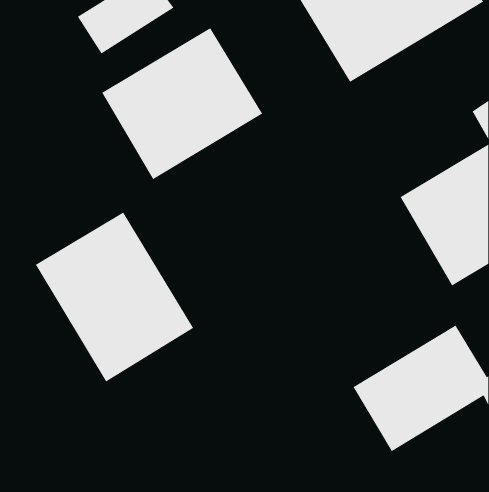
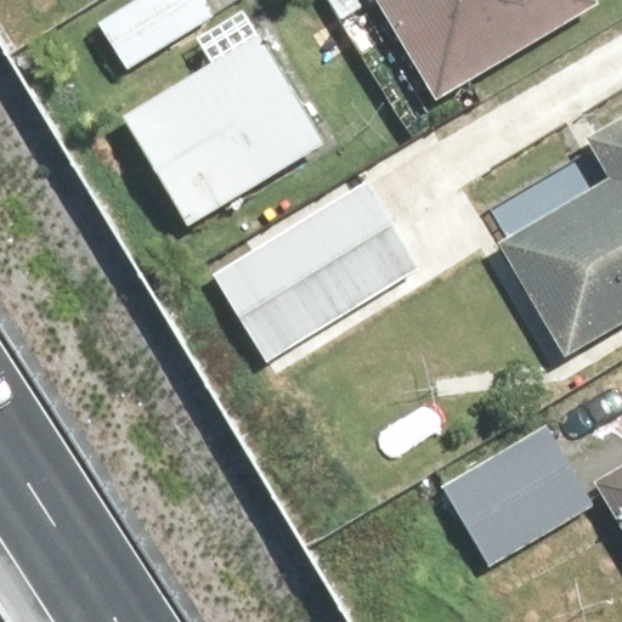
building: none -> [213,181,418,361]
building: [35,212,194,383] -> none

